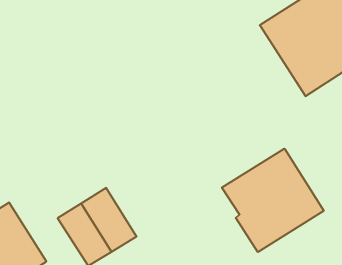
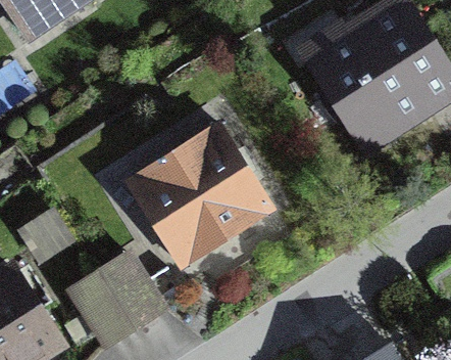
building: none -> [132,127,268,260]
building: [222,149,324,252] -> none

